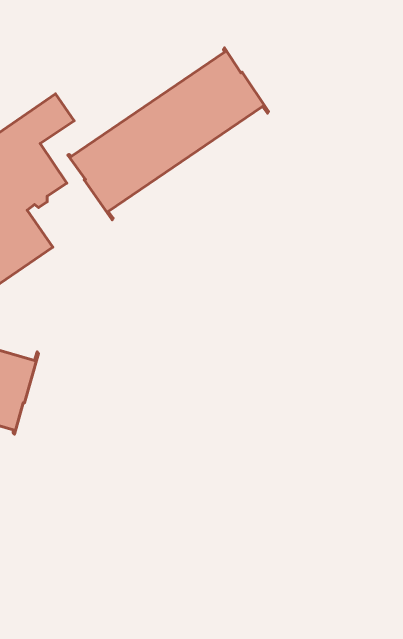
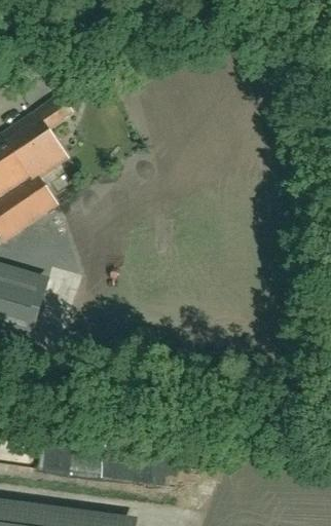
building: [68,48,268,220] -> none

